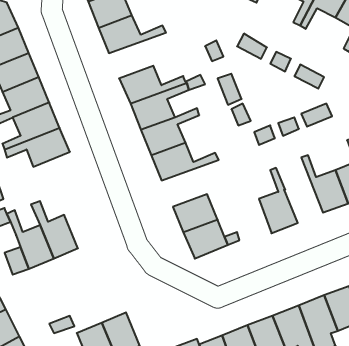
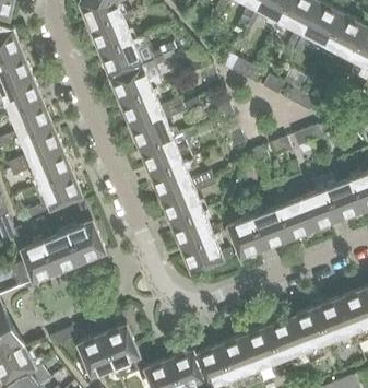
building: none -> [109,57,166,101]
building: none -> [27,171,82,219]
building: none -> [276,176,313,238]
building: none -> [159,178,216,223]
building: none -> [67,200,105,262]
building: none -> [227,215,264,258]

